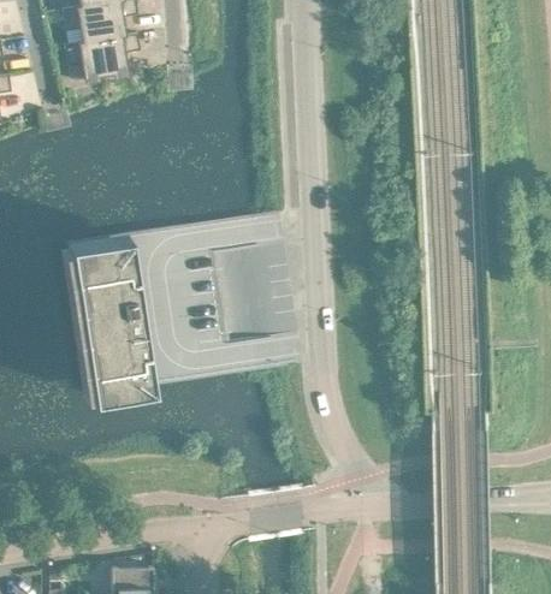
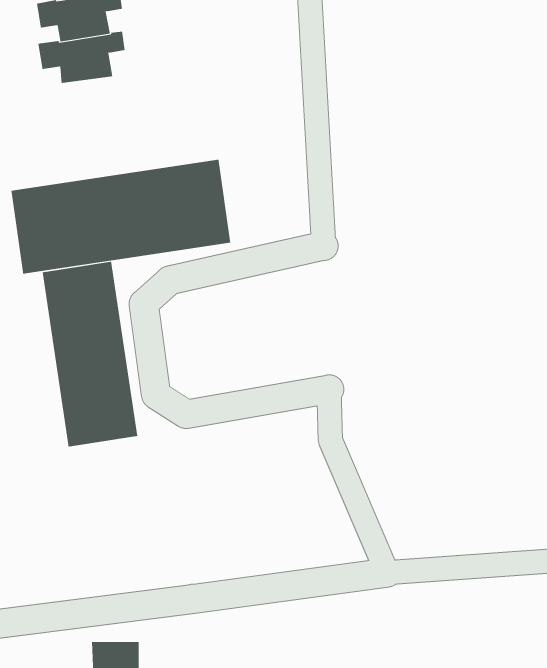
building: none -> [11,159,231,275]

